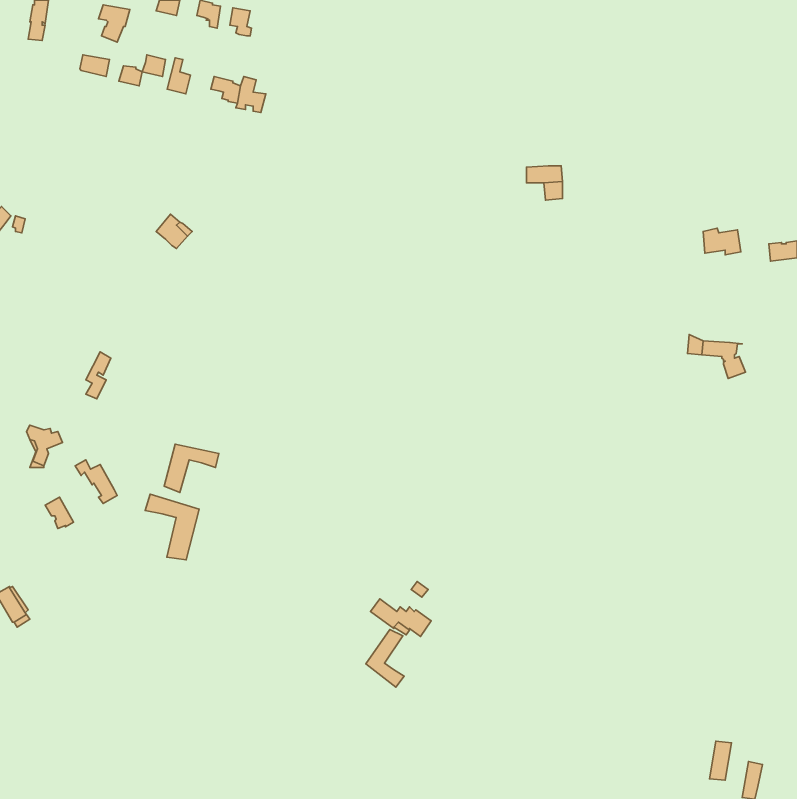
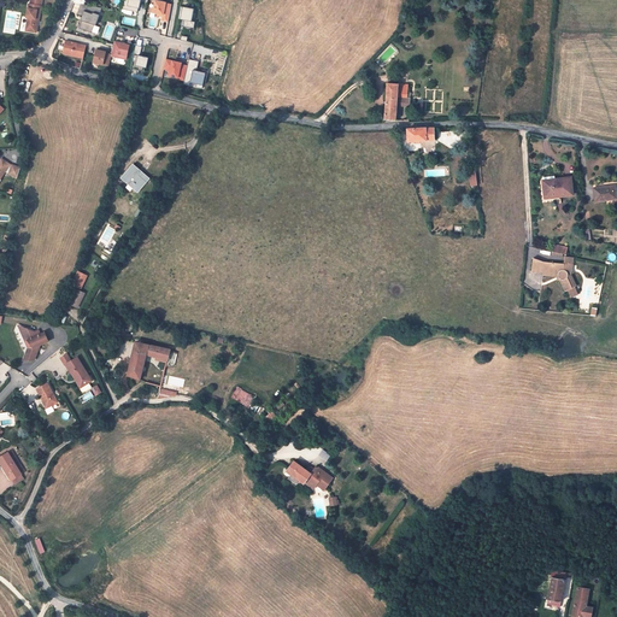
building: none -> [383,83,411,119]
building: [145,494,199,560] -> none
building: [366,629,404,687] -> none

